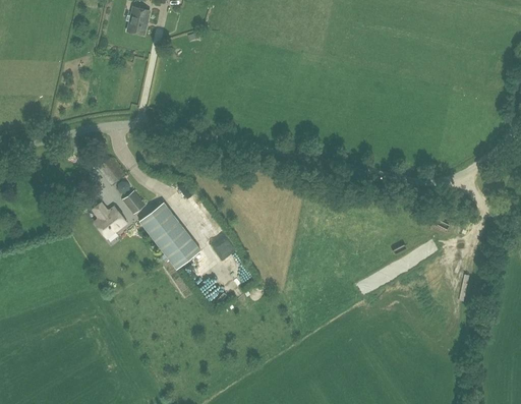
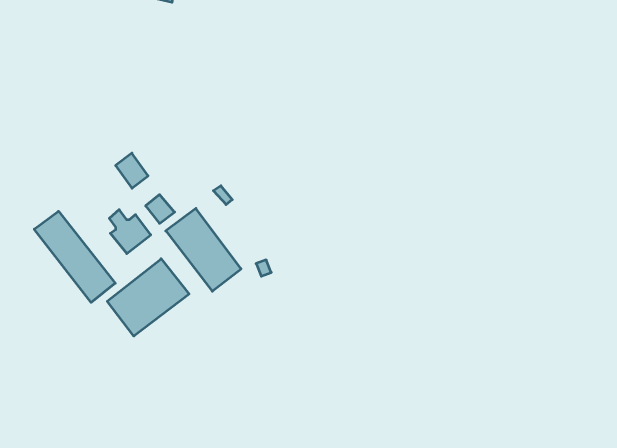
building: none -> [34,211,115,302]
building: none -> [107,259,189,336]

